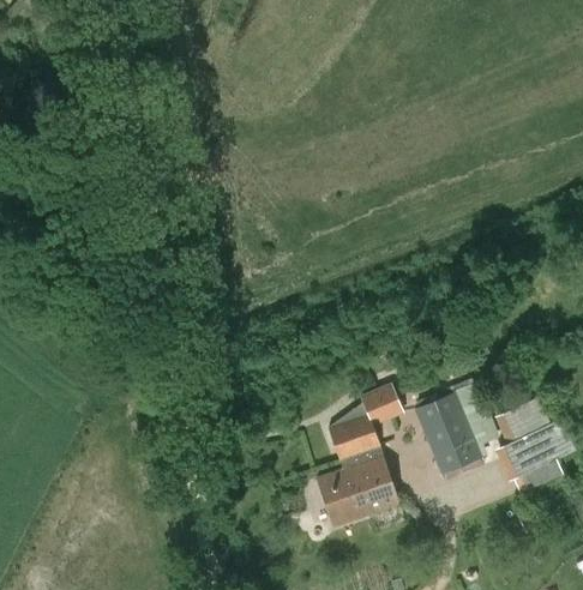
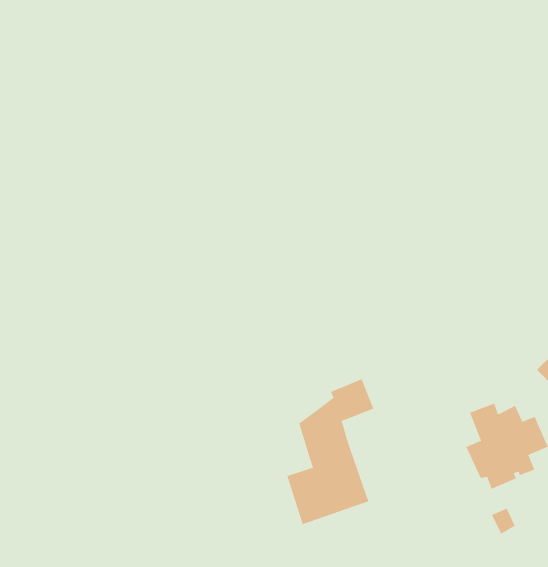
building: [414,383,500,475] -> none

